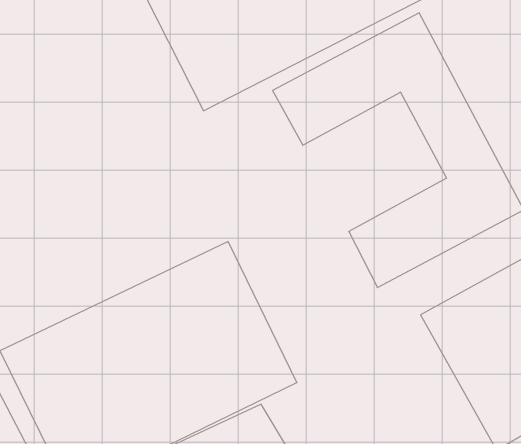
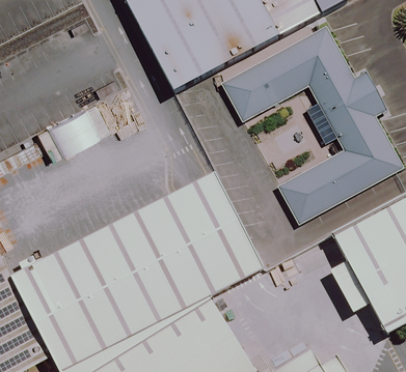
building: none -> [187,170,272,289]

